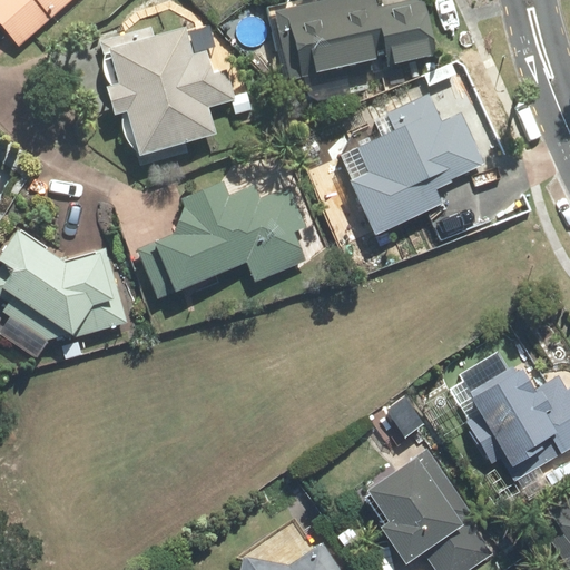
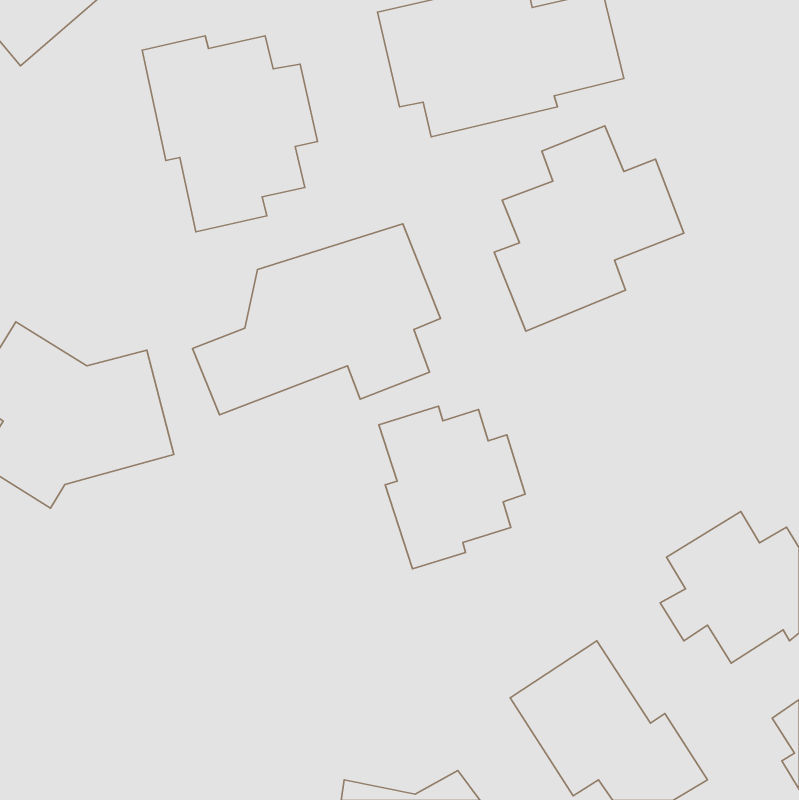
building: none -> [379,406,525,569]

